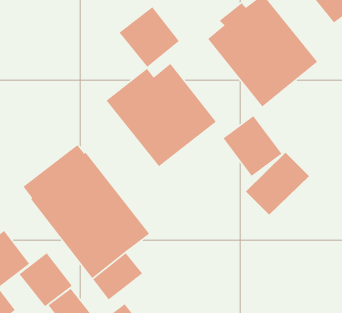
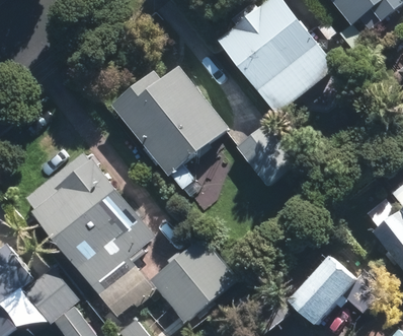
building: [119,6,180,68] -> none
building: [245,152,310,216] -> [288,258,355,325]
building: none -> [149,239,236,324]

